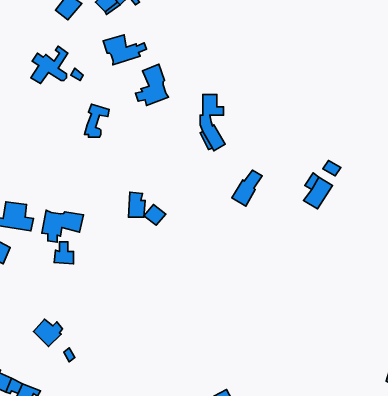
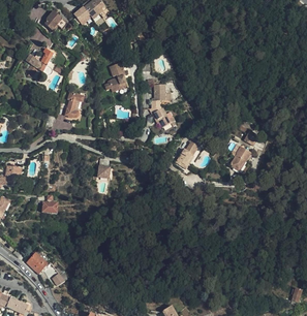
building: [103,35,146,65] -> none
building: [42,210,84,242] -> none

